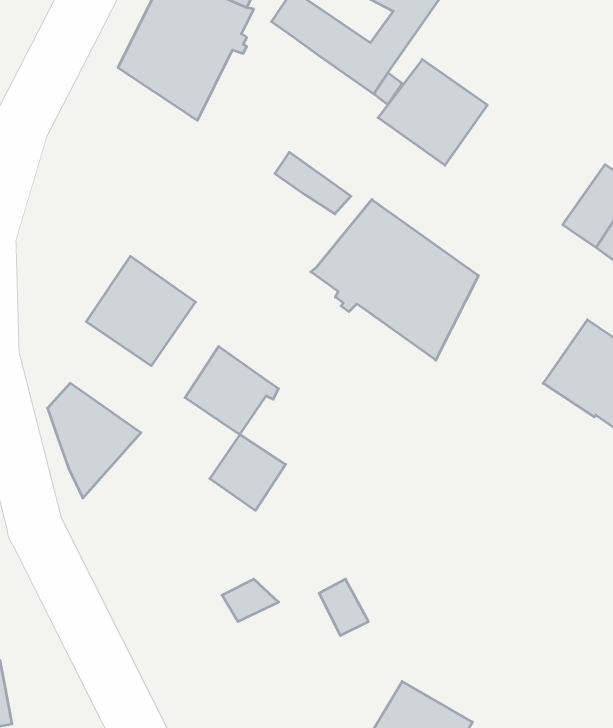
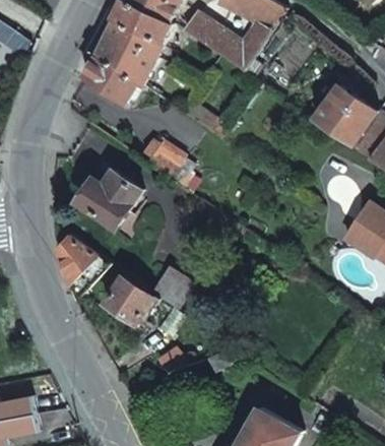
building: [378,59,487,165] -> [314,83,377,144]
building: none -> [84,54,139,104]
building: [311,199,478,360] -> none
building: none -> [137,138,184,178]
building: [185,346,279,435] -> [106,273,159,324]

